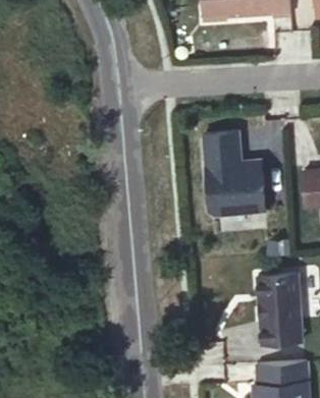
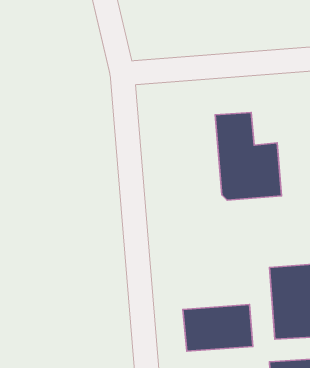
building: none -> [183,305,253,351]

